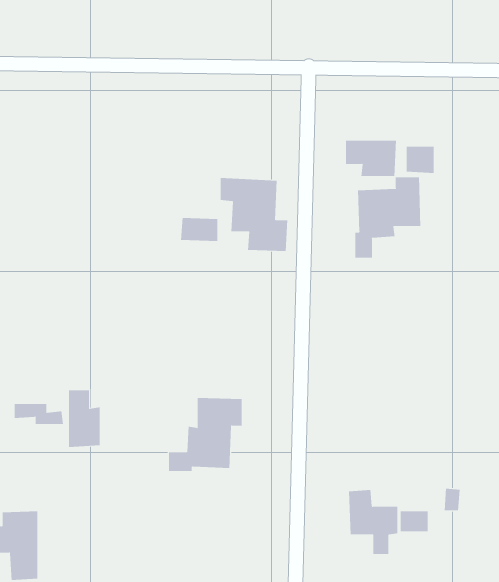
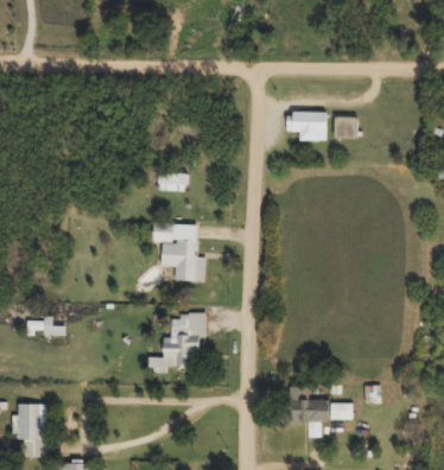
building: [355,176,421,259] -> none
building: [220,177,288,252] -> [153,223,207,281]
building: [69,389,100,448] -> none

